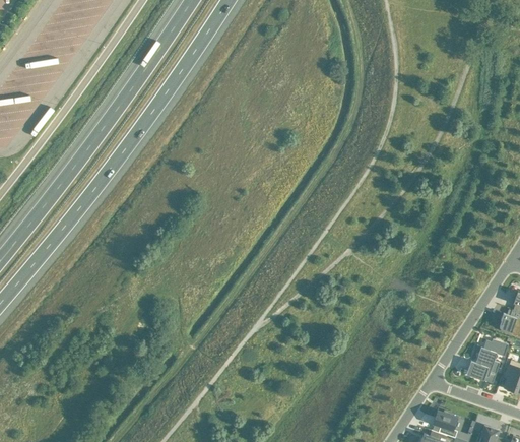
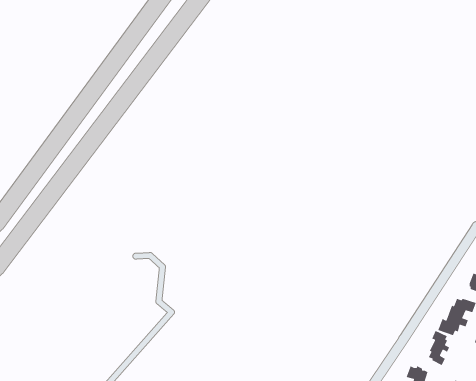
building: none -> [428,330,450,366]

